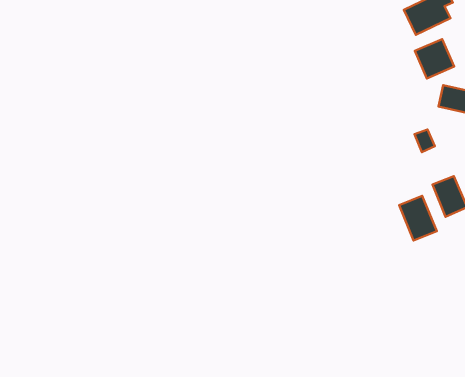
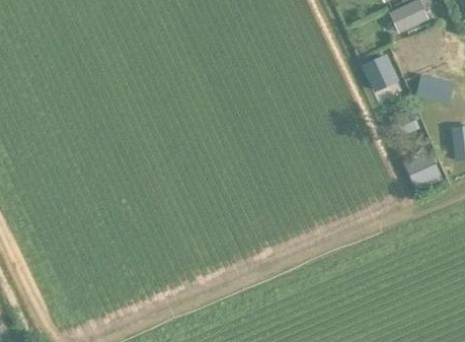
building: [415,39,454,79] -> [363,56,396,89]
building: [399,196,437,241] -> none

